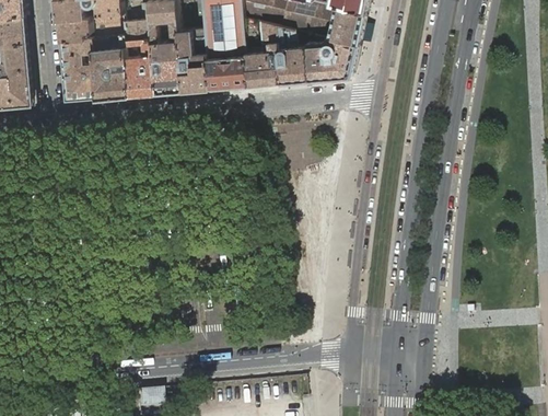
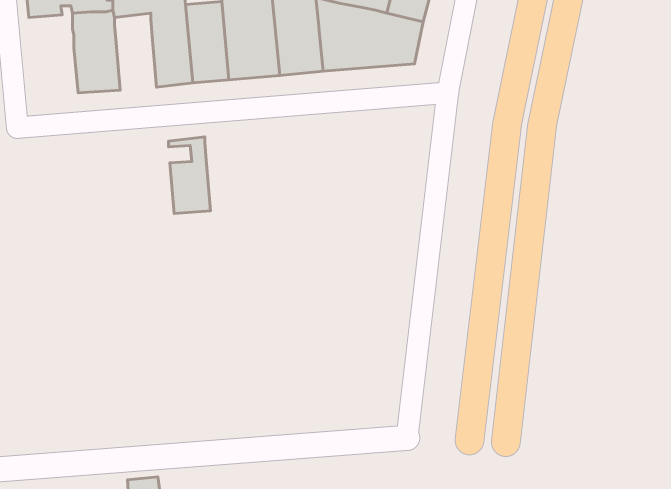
building: [57,41,94,104] -> none
building: [121,41,153,99] -> [168,137,211,214]

